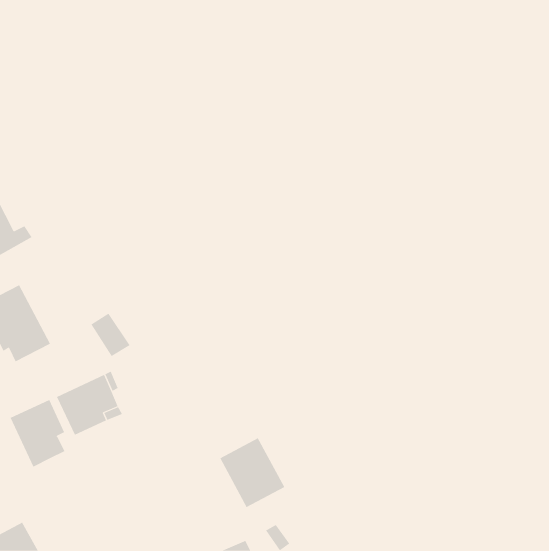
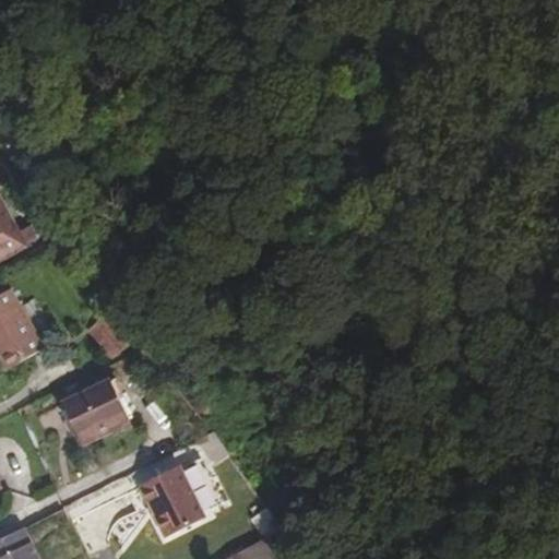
building: [10,399,65,467] -> none
building: [219,438,285,508] -> [138,464,204,535]

